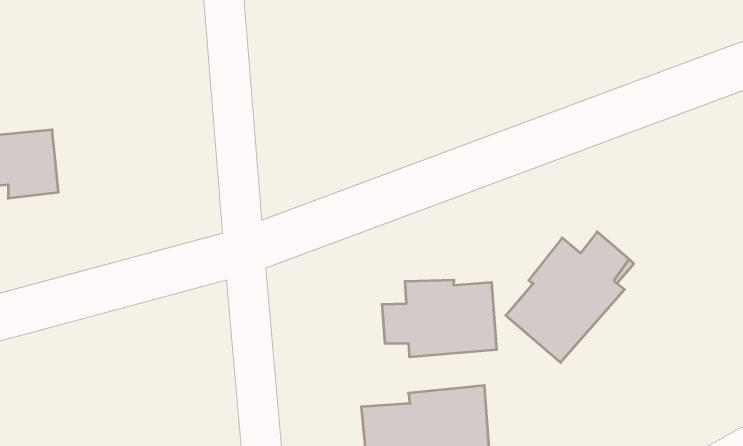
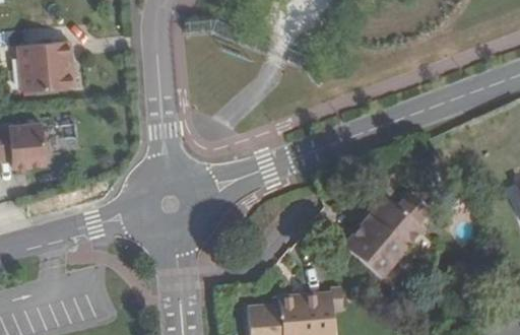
building: none -> [19,41,76,92]
building: [382,280,497,357] -> none

